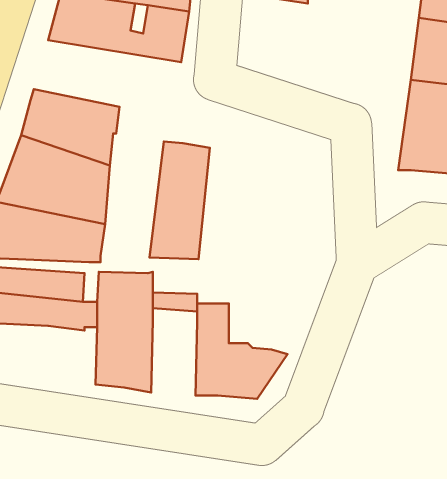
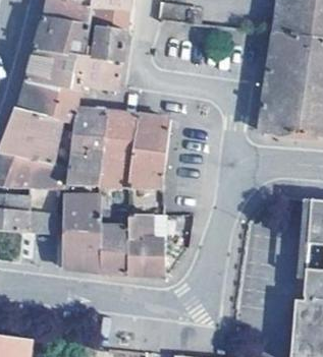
building: none -> [23,46,118,88]
building: none -> [66,106,107,185]
building: none -> [129,115,168,187]
building: none -> [99,226,128,274]

